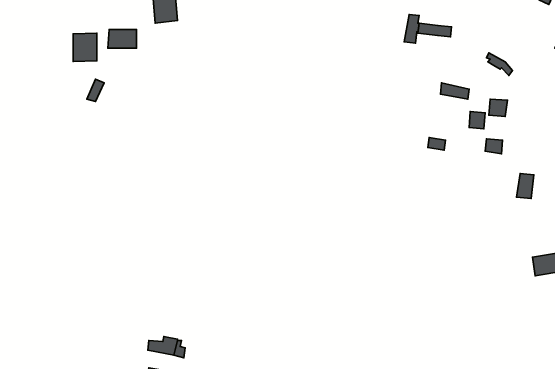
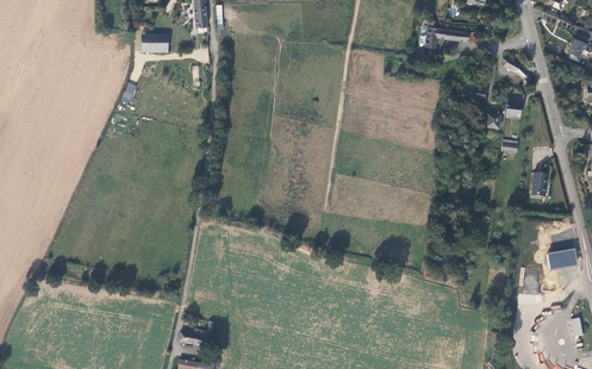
building: [73,33,97,61] -> none

